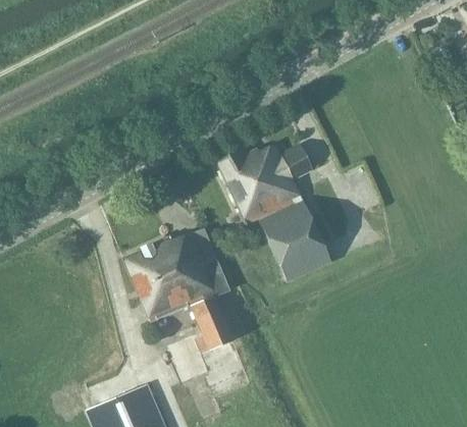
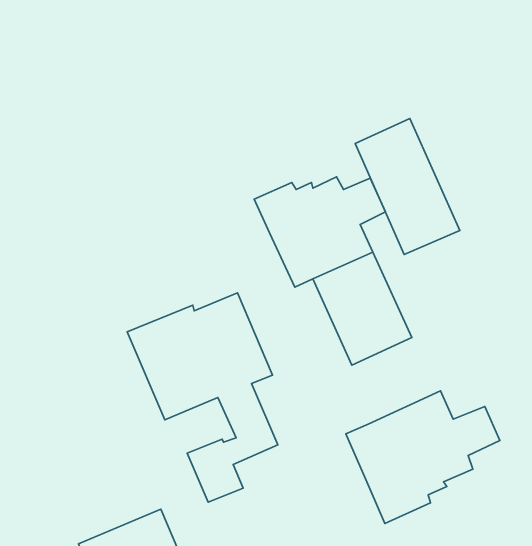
building: none -> [355,118,460,254]
building: none -> [346,391,500,523]

